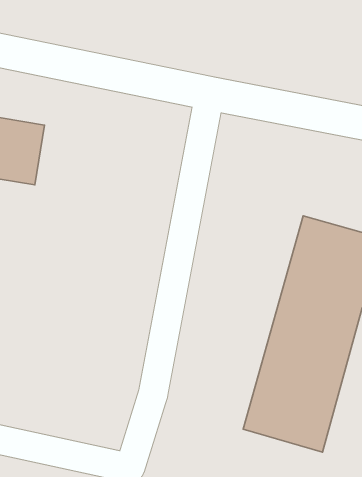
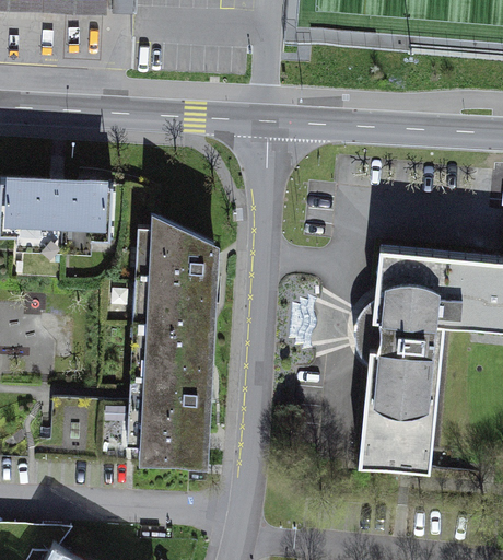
building: none -> [143,205,203,467]

